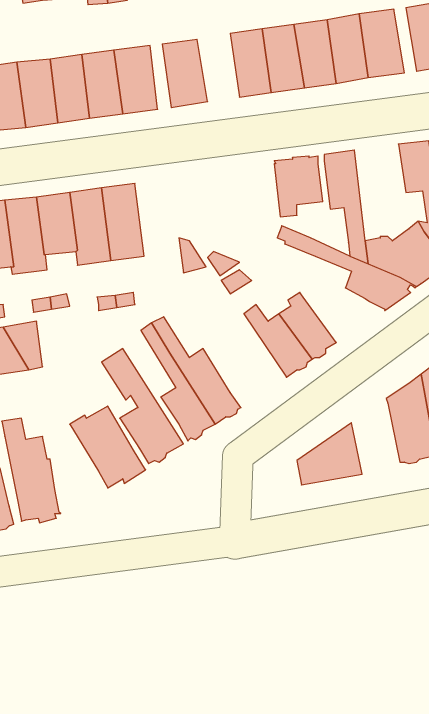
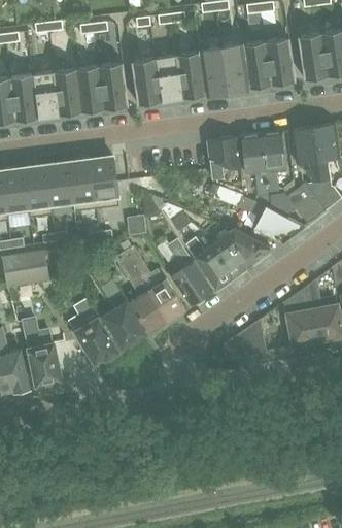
building: none -> [155,55,183,101]
building: none -> [262,132,286,196]
building: none -> [227,229,271,265]
building: none -> [167,239,212,305]

